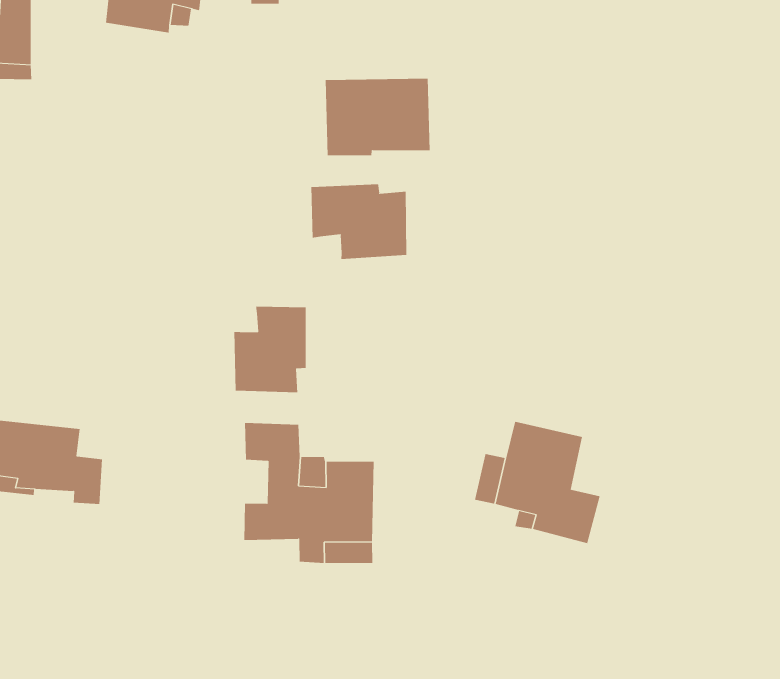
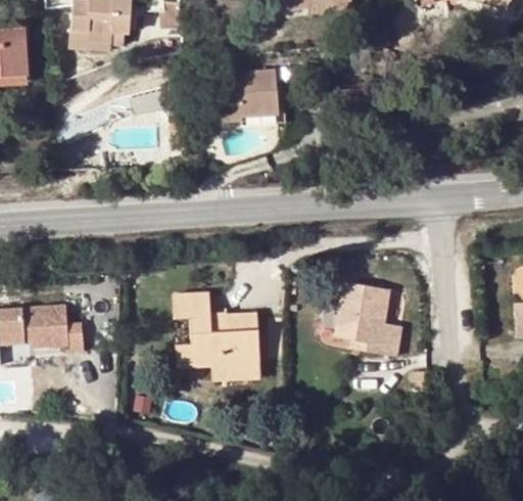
building: [311,184,407,260] -> none
building: [234,306,306,393] -> none

